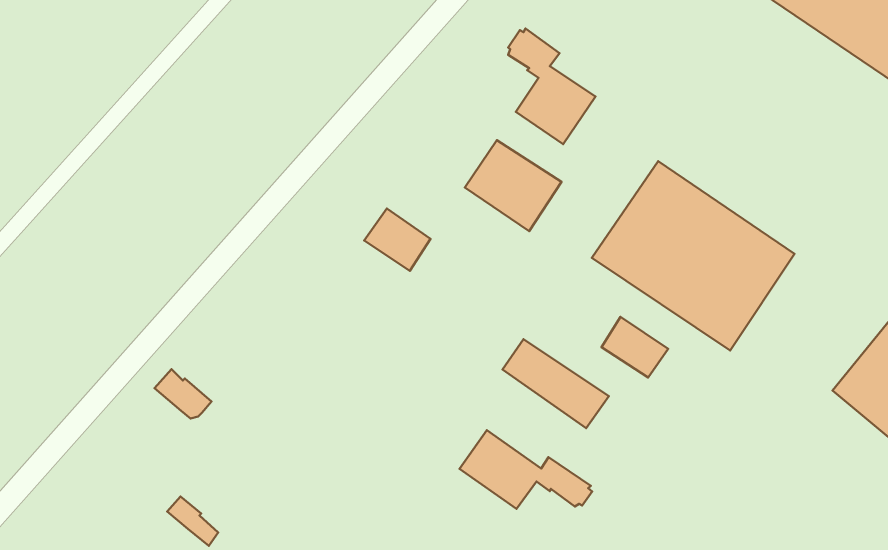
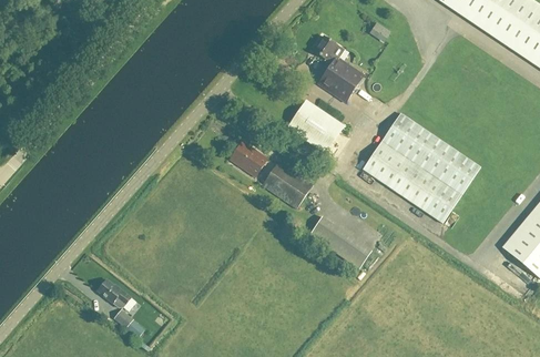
building: none -> [261,161,313,208]
building: [601,317,668,378] -> none
building: [155,369,211,418] -> [96,278,130,307]
building: [460,430,592,509] -> none

